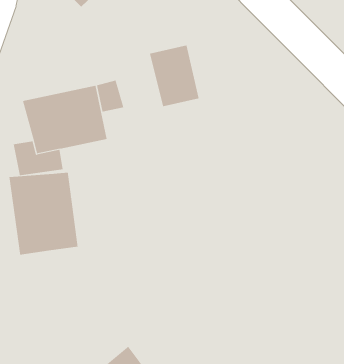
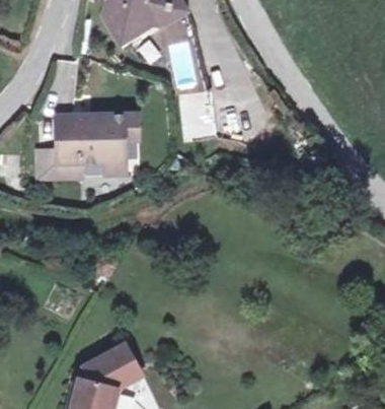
building: [9,172,78,255] -> none

